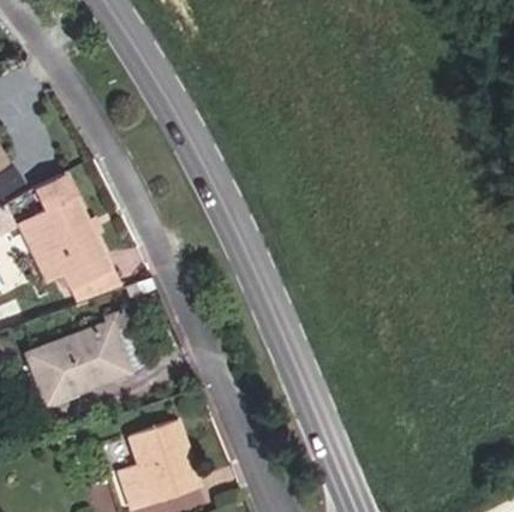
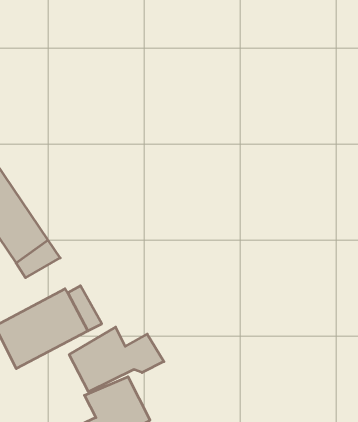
building: none -> [69,327,164,392]

